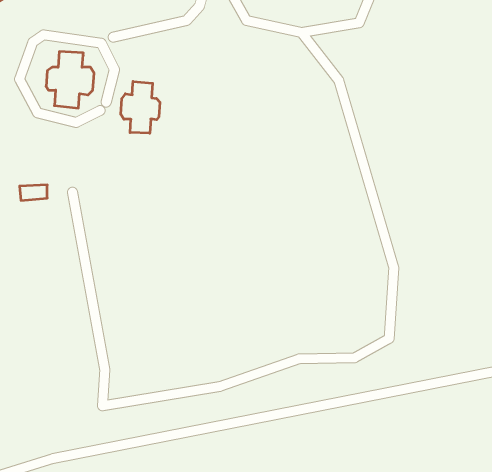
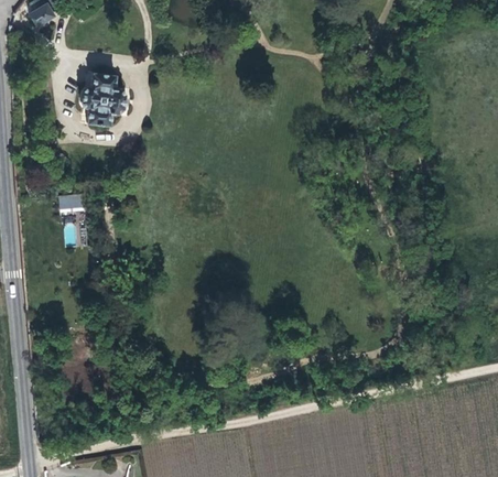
building: [121,81,160,133] -> none

